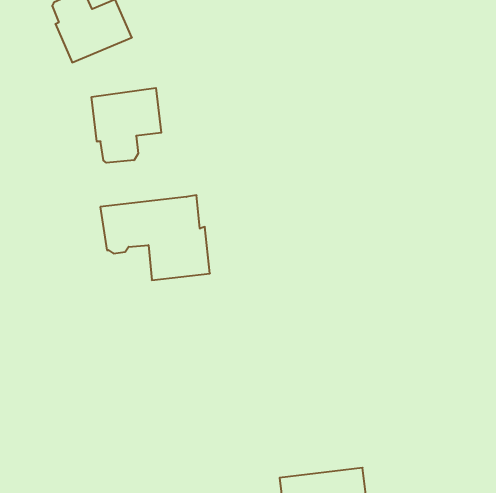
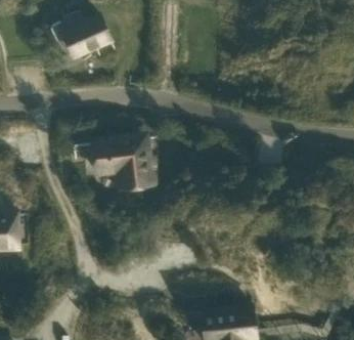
building: [92,88,161,163] -> none

